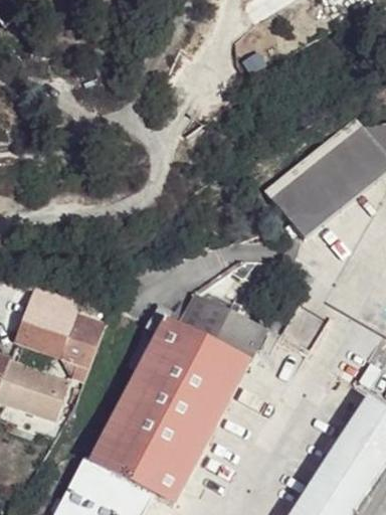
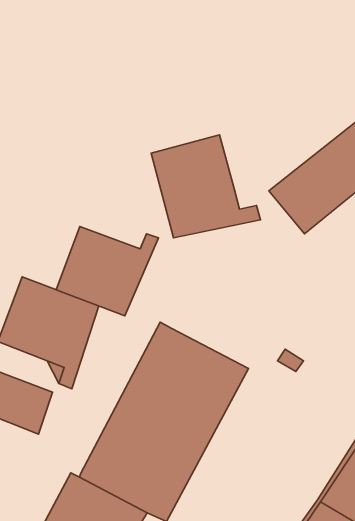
building: none -> [151,135,261,238]
building: none -> [56,227,159,316]
building: [177,295,266,364] -> none

